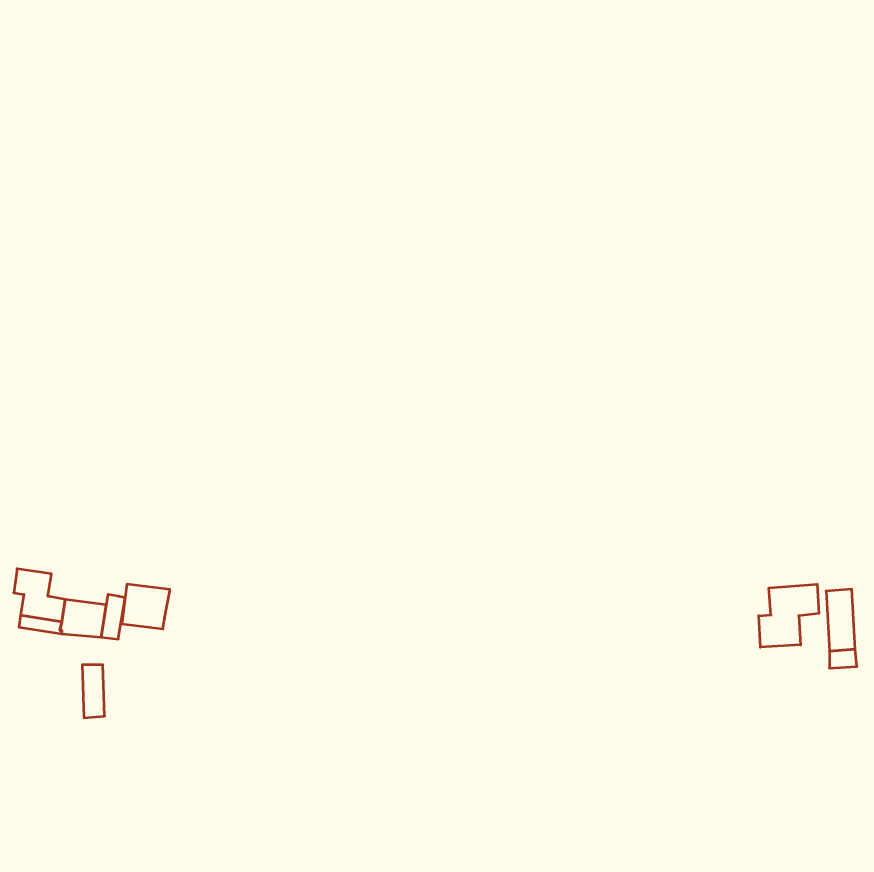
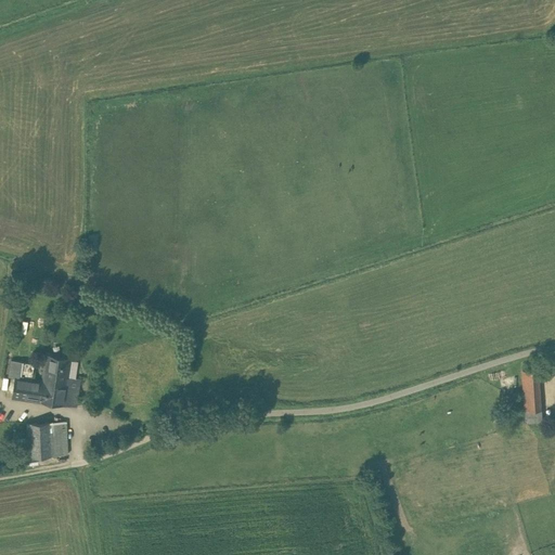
building: [759,584,819,647] -> none
building: [122,584,170,629] -> [41,357,72,385]
building: none -> [27,423,53,457]

